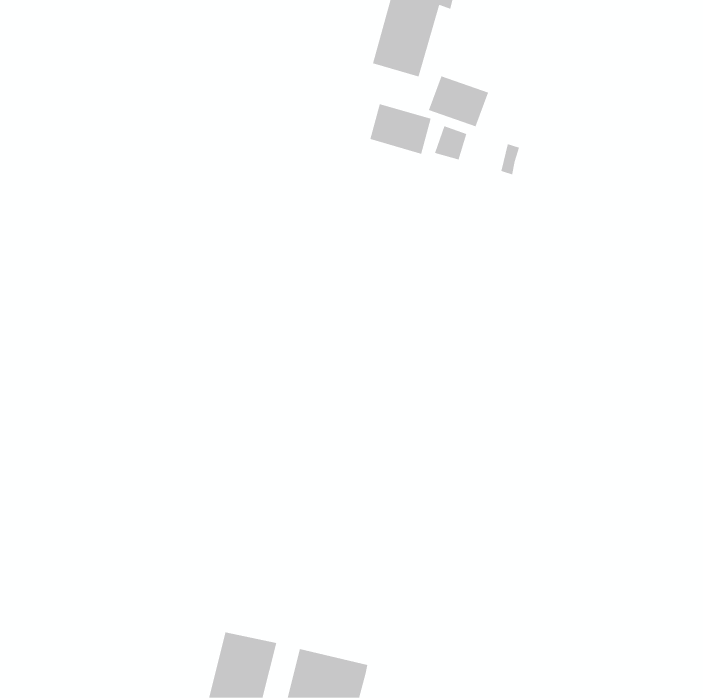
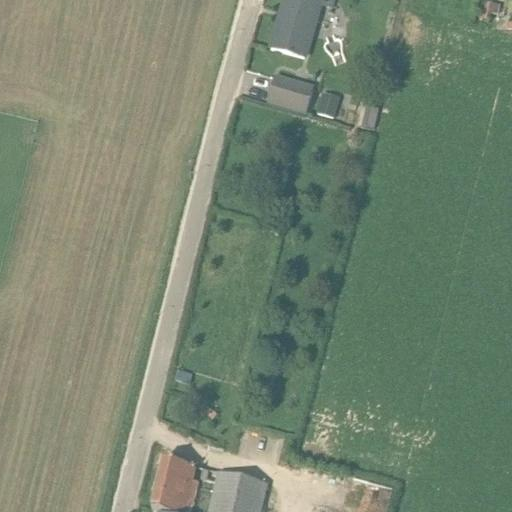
building: [428,75,489,127] -> none

